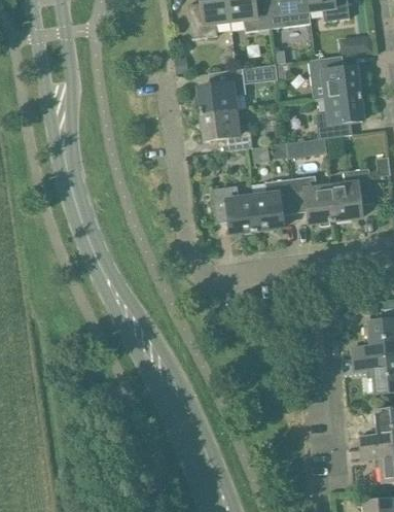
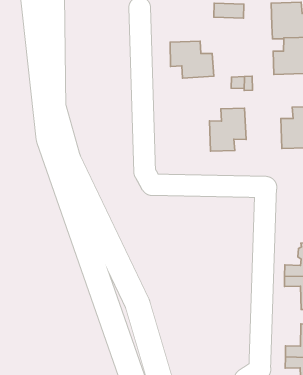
building: [200,68,248,113] -> none
building: [292,175,337,223] -> none
building: [214,185,259,232] -> none

